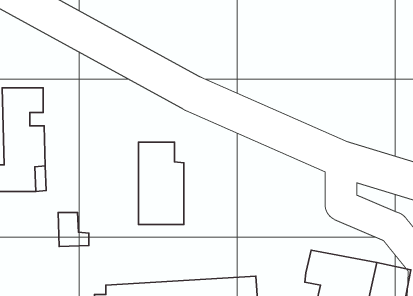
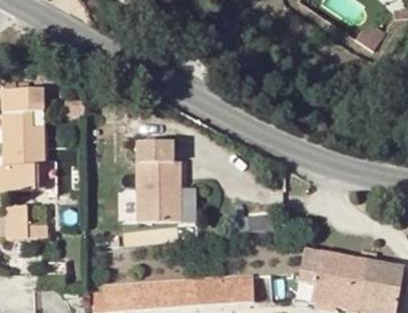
building: [58,213,89,246] -> [8,206,38,239]

